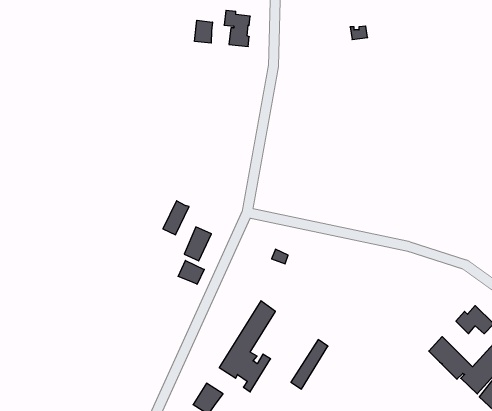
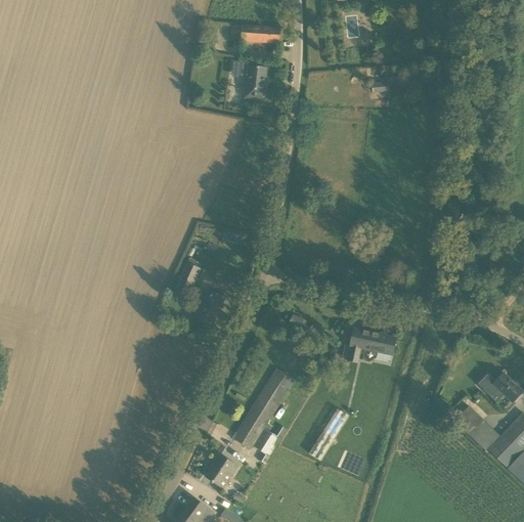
building: [195,20,212,43] -> none
building: [178,260,204,284] -> none
building: none -> [346,328,395,362]

